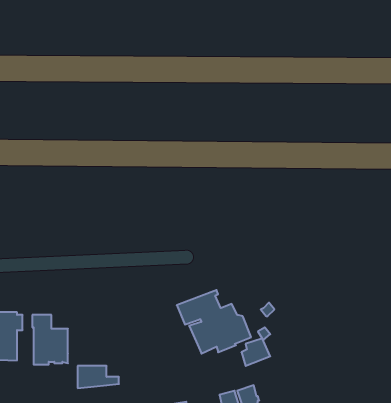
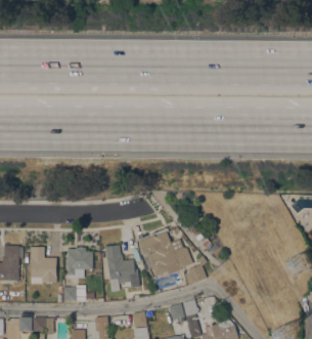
building: none -> [105,245,139,292]
building: none -> [66,247,92,278]

